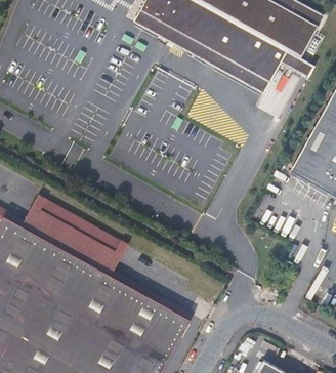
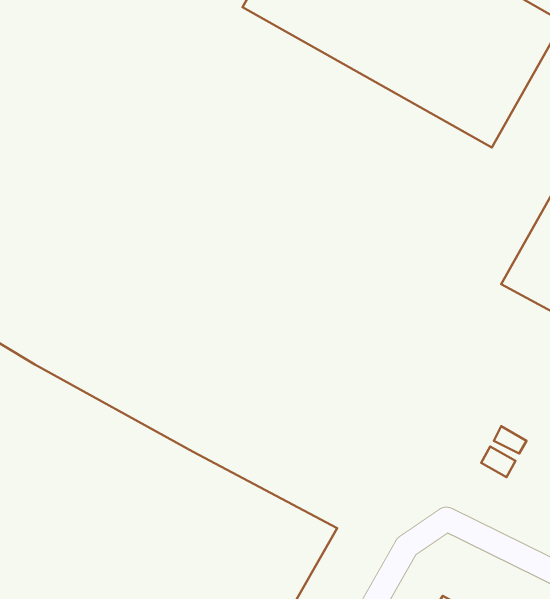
building: [22,194,127,272] -> none

